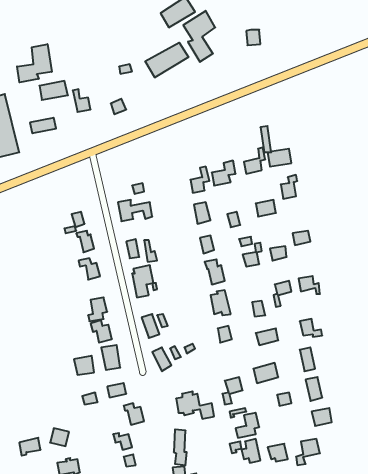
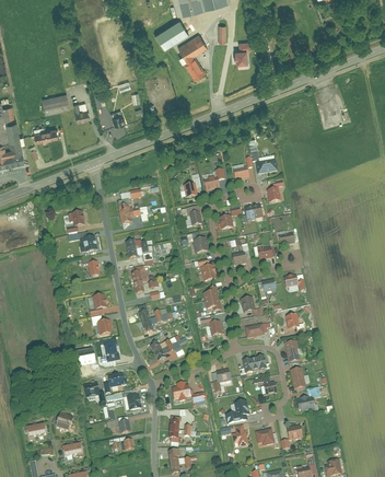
building: [145,43,188,78] -> none
building: [17,44,52,82] -> none

